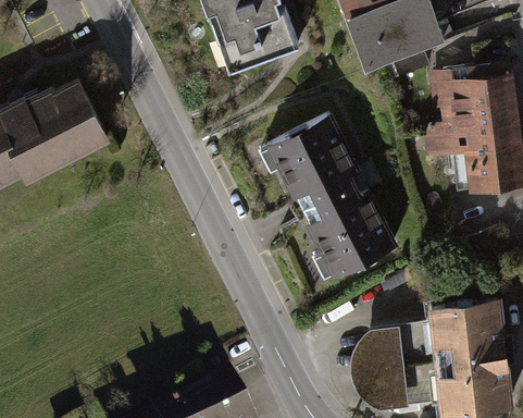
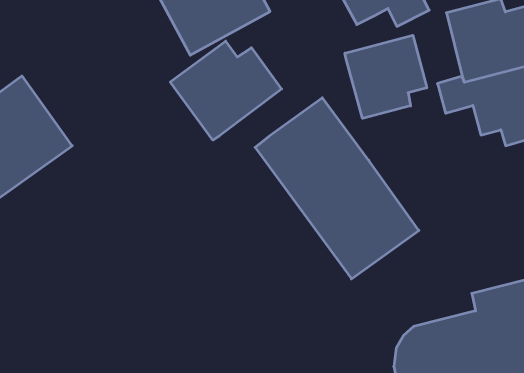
building: none -> [170,41,282,140]
building: none -> [345,35,427,118]

